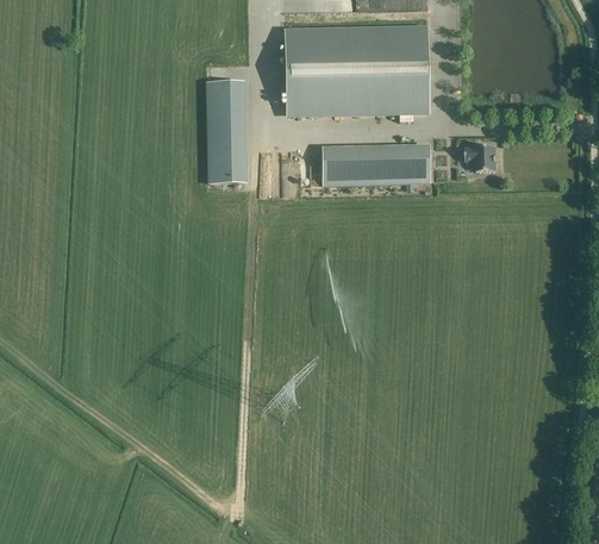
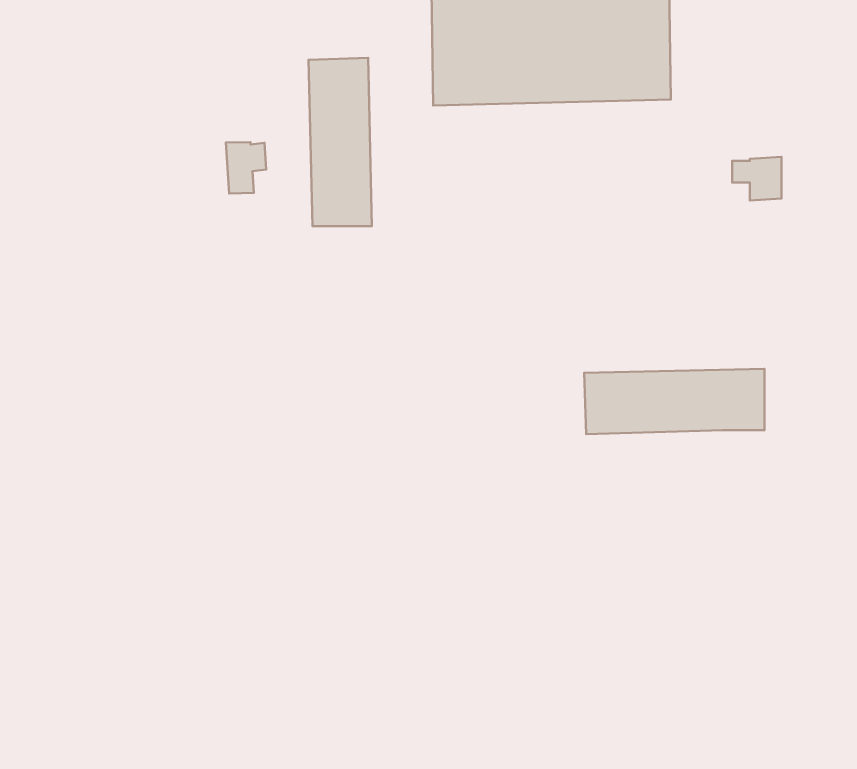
building: none -> [226,142,266,193]
building: [319,144,428,183] -> [584,369,764,434]

